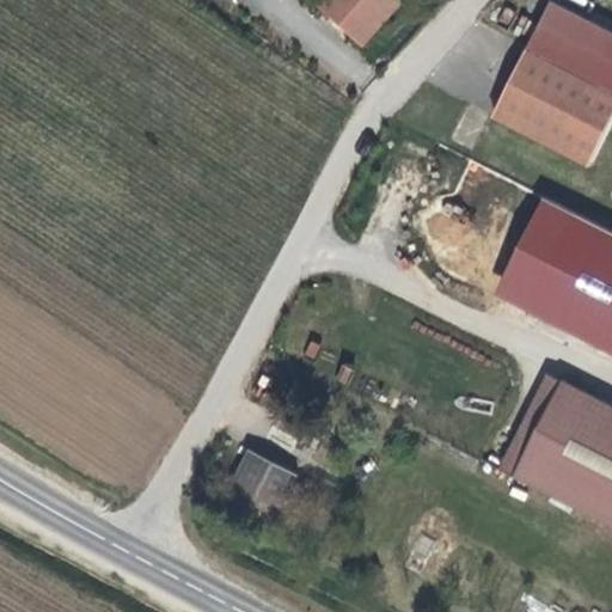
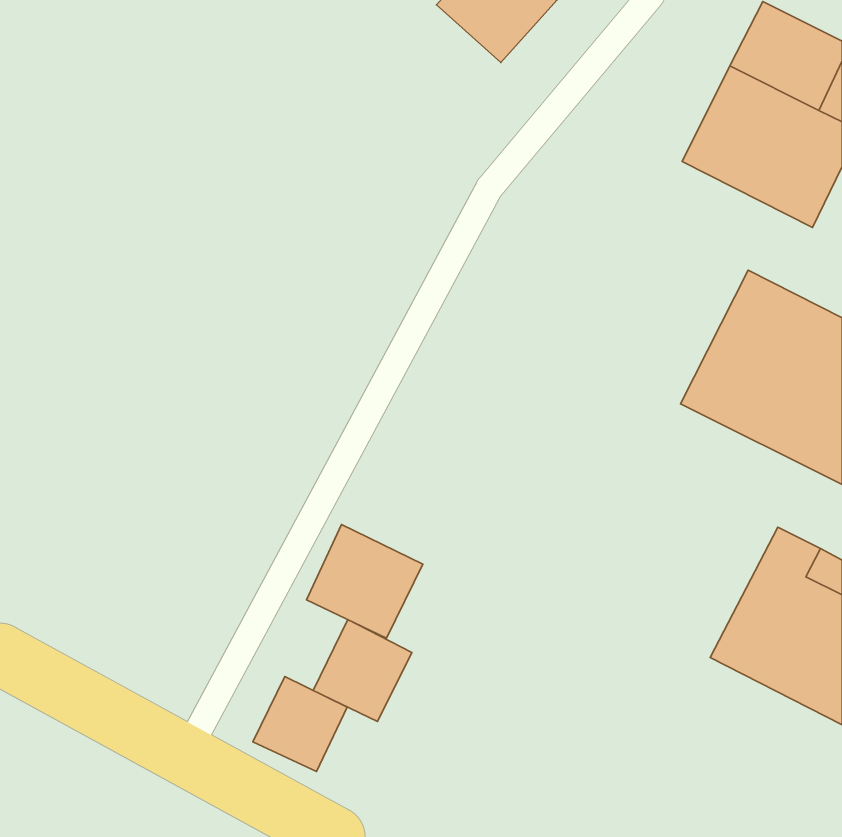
building: none -> [306,524,423,638]
building: none -> [253,677,347,772]

